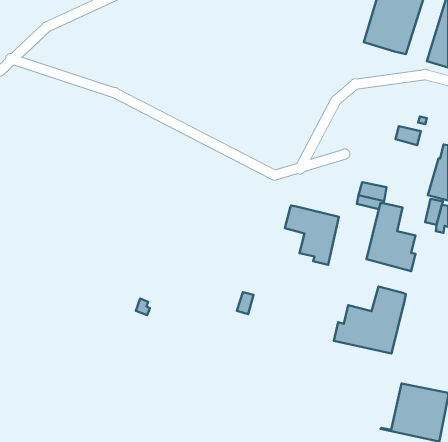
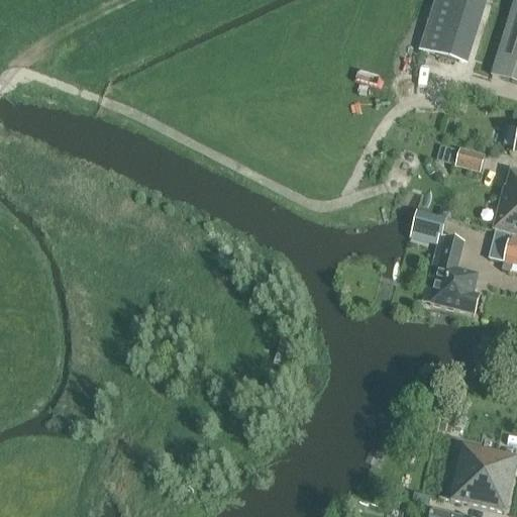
building: [285,205,339,265] -> none
building: [334,287,406,354] -> none

